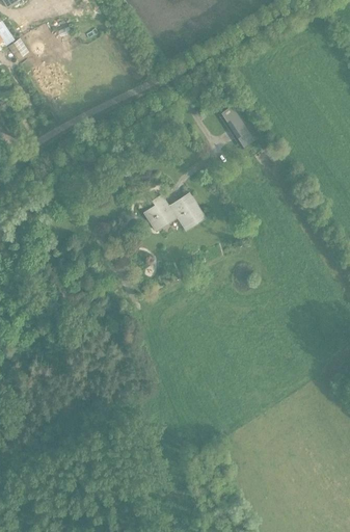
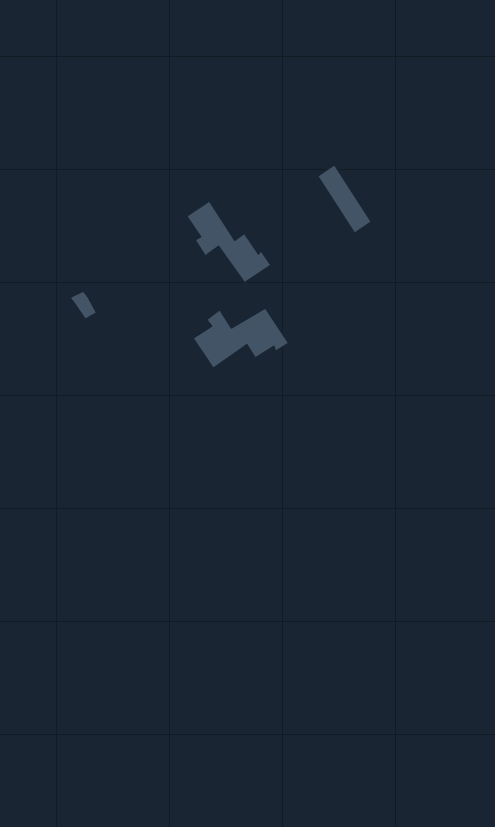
building: none -> [186,201,271,283]

